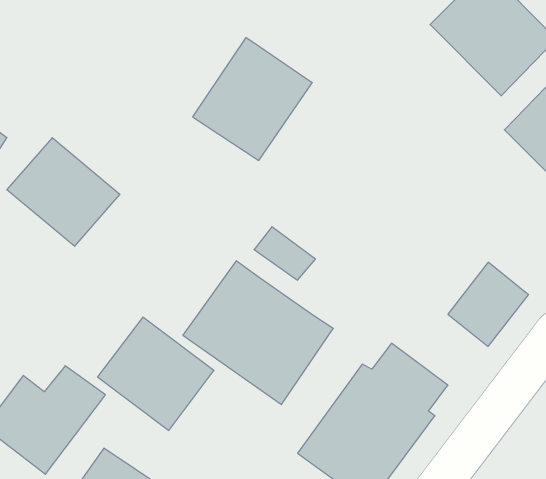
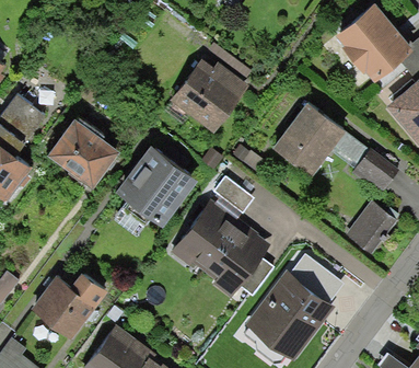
building: none -> [269,97,347,172]
building: none -> [356,150,401,195]
building: [98,317,214,430] -> [117,149,196,226]

